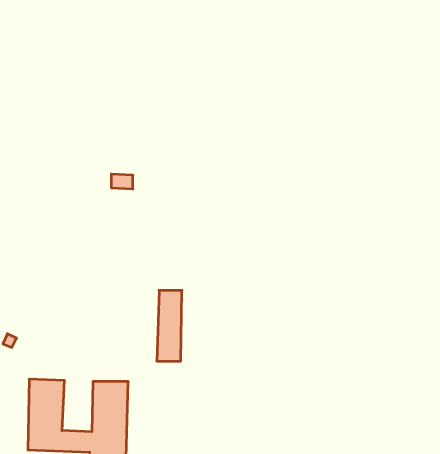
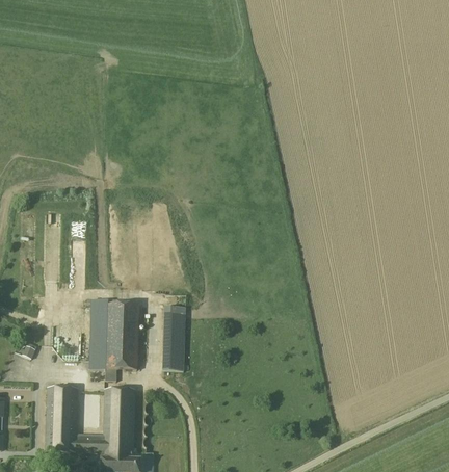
building: none -> [89,298,139,379]
building: none -> [81,394,100,415]

